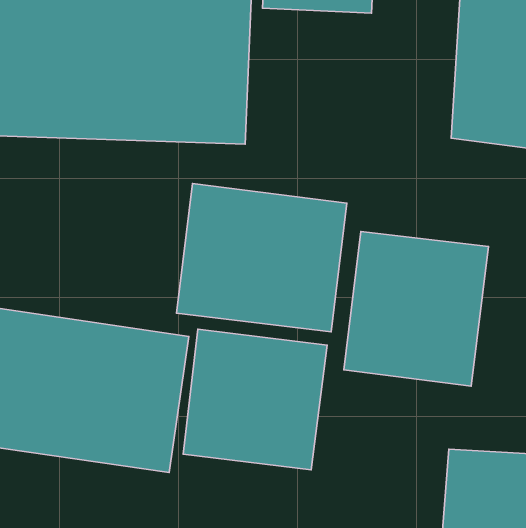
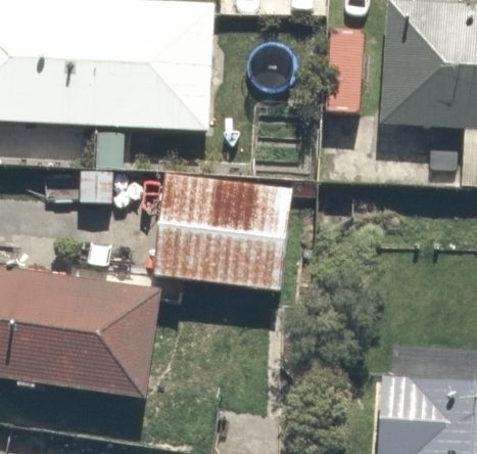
building: [344,232,488,386] -> none
building: [183,329,327,470] -> none

